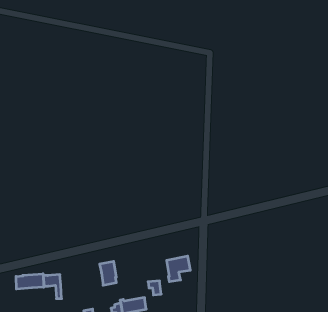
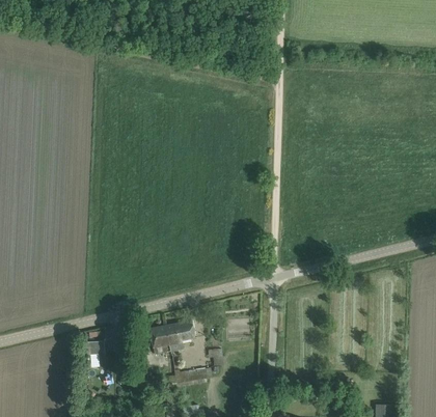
building: [167,256,190,282] -> [166,319,194,350]
building: [16,274,44,289] -> none

